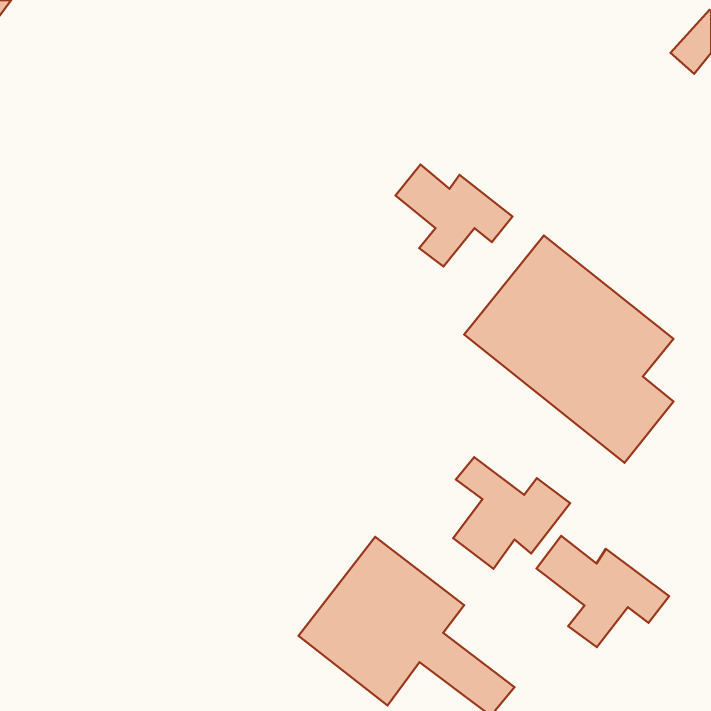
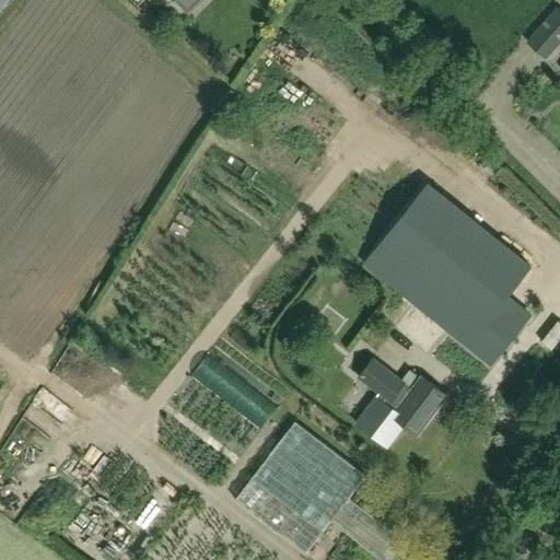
building: [395,164,513,267] -> none
building: [536,536,669,647] -> none

